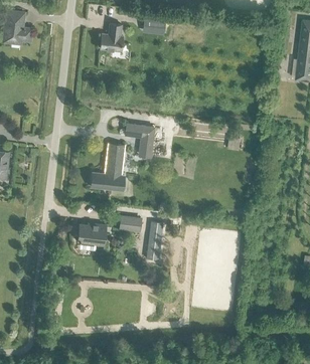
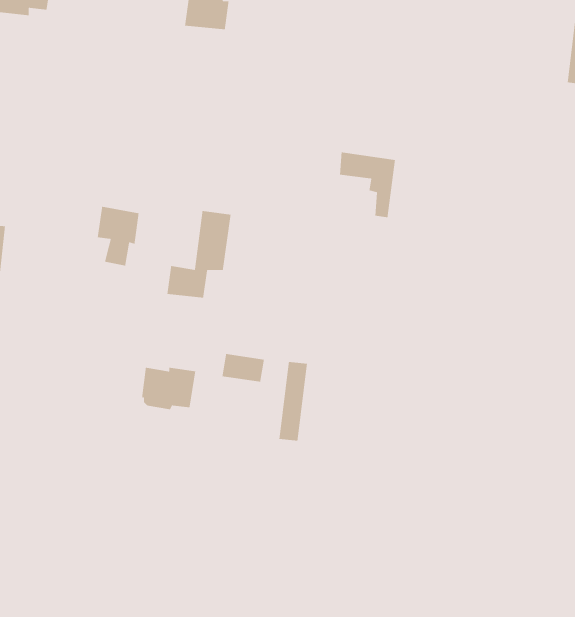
building: [125,124,154,158] -> [339,152,396,218]
building: none -> [97,206,139,266]

